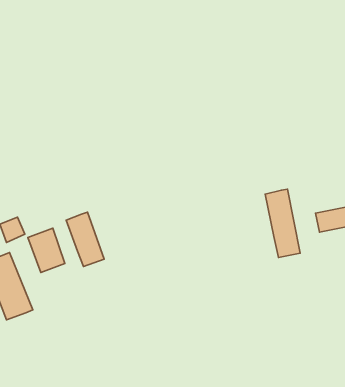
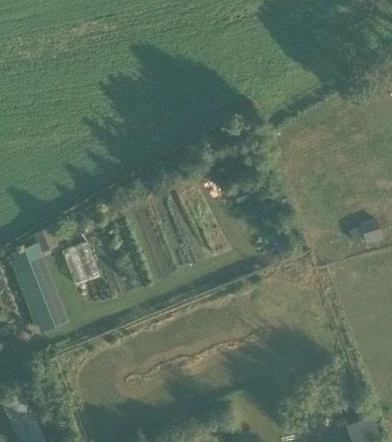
building: [265,189,300,257] -> none
building: [66,212,104,267] -> none

